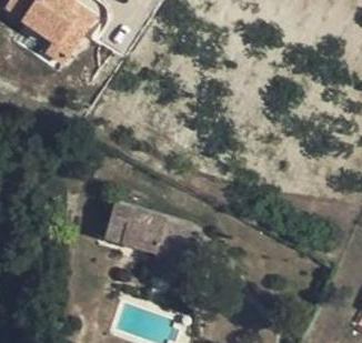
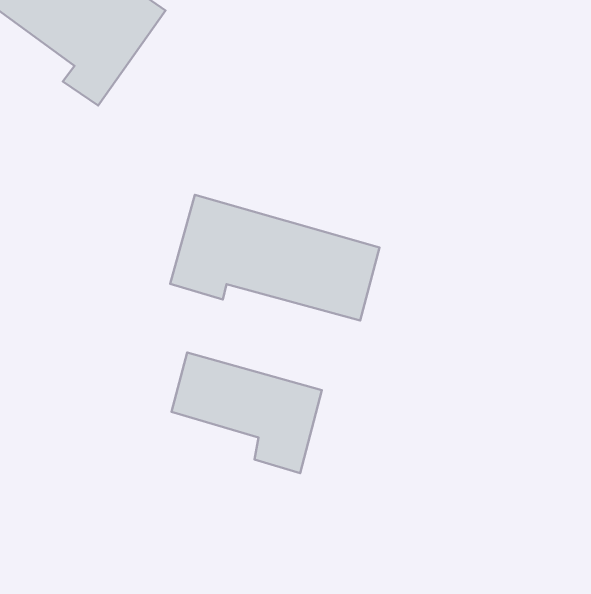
building: none -> [170,195,380,321]

